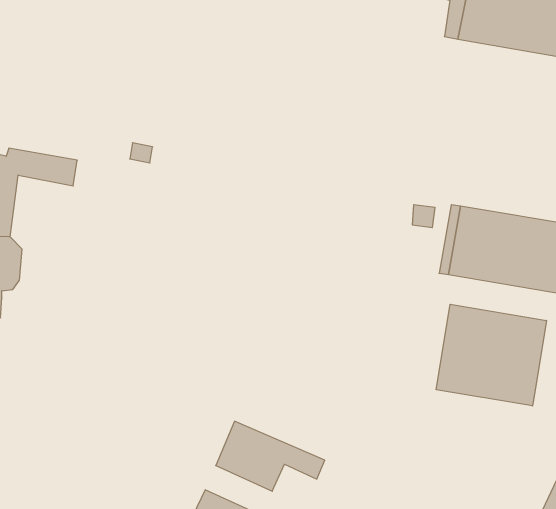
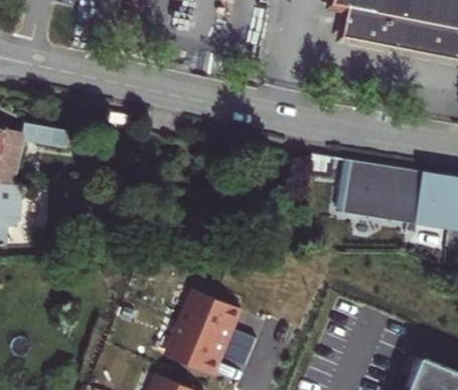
building: [436,304,546,406] -> none
building: none -> [186,288,260,351]

